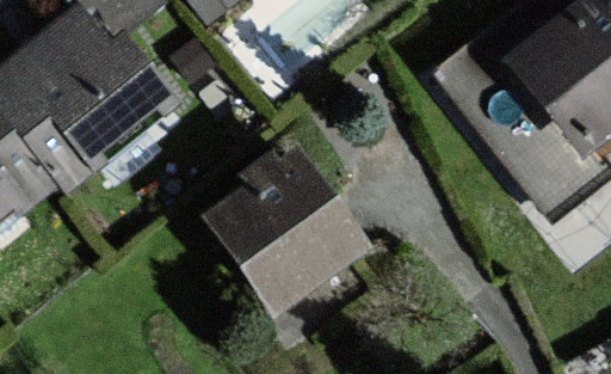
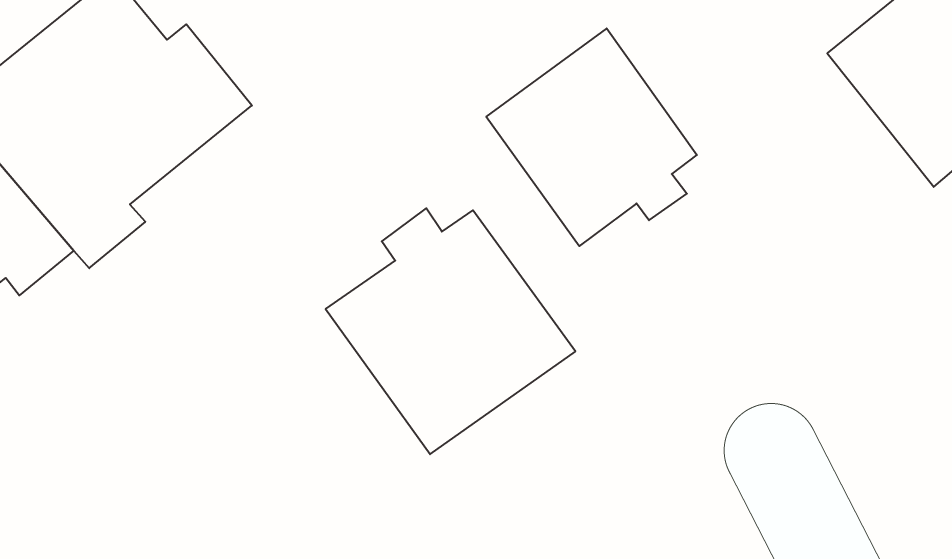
building: none -> [486,28,697,246]

